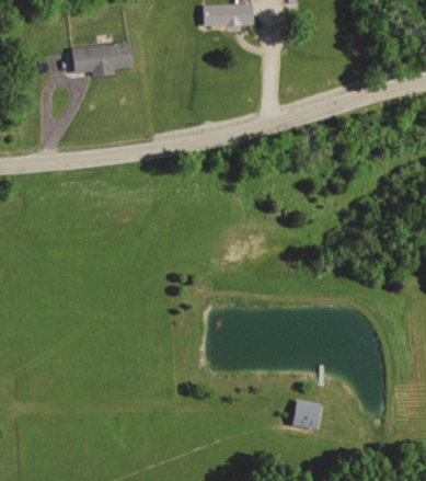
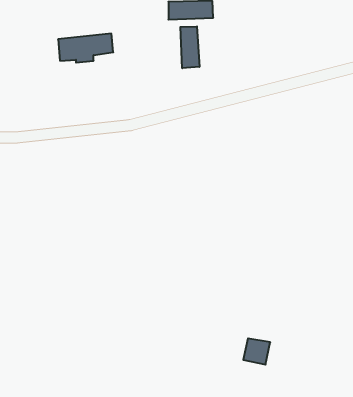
building: none -> [180,26,199,68]

